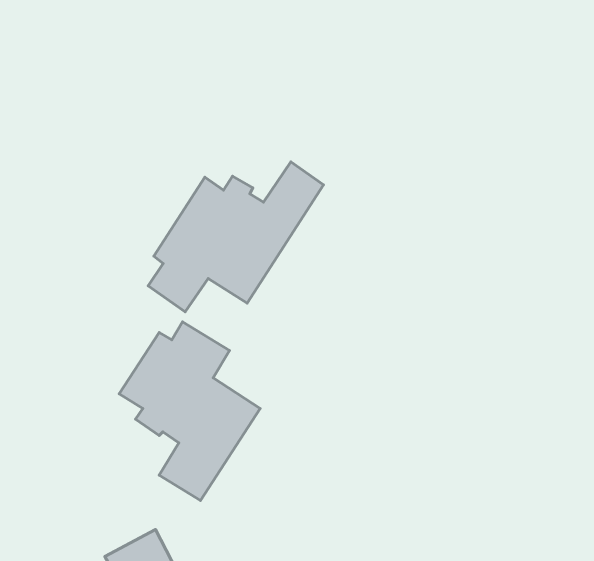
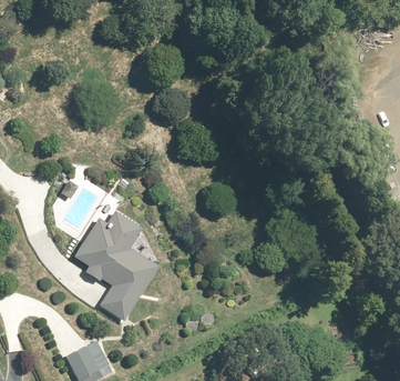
building: [148,162,324,312] -> none

